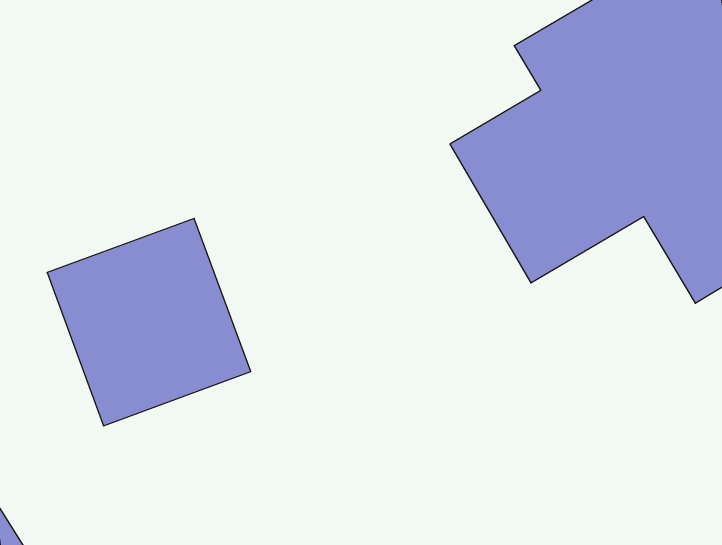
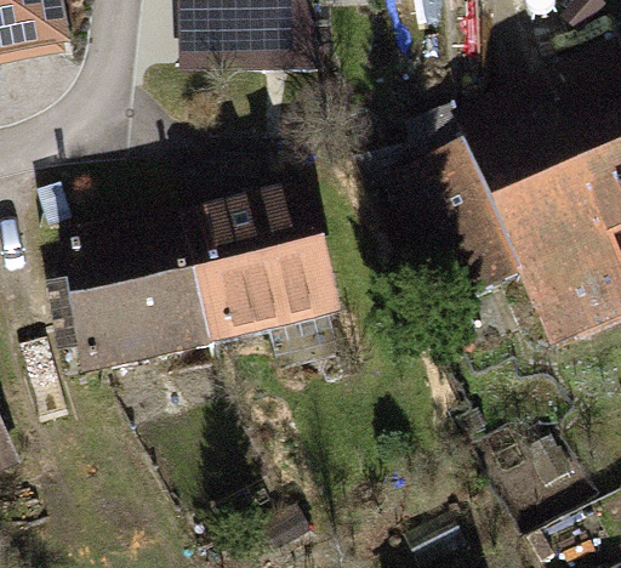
building: none -> [187,194,348,347]

